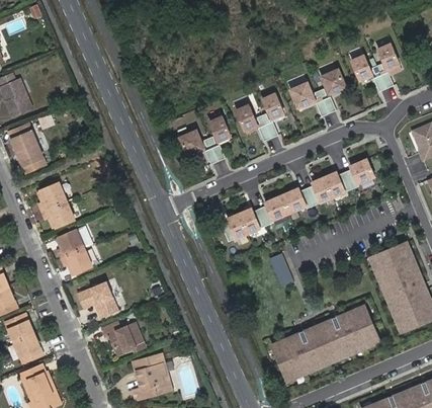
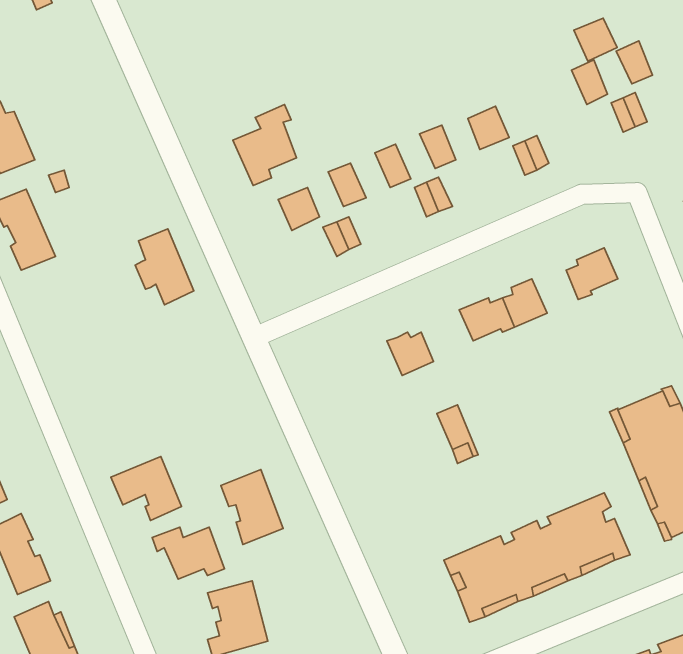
building: [318,64,343,89] -> [574,18,617,61]
building: none -> [233,105,297,186]
building: [325,173,352,198] -> none
building: [39,184,74,229] -> [135,229,194,305]
building: [260,196,290,227] -> none
building: [222,215,249,243] -> none
building: [60,231,92,274] -> none
building: none -> [221,469,283,544]

